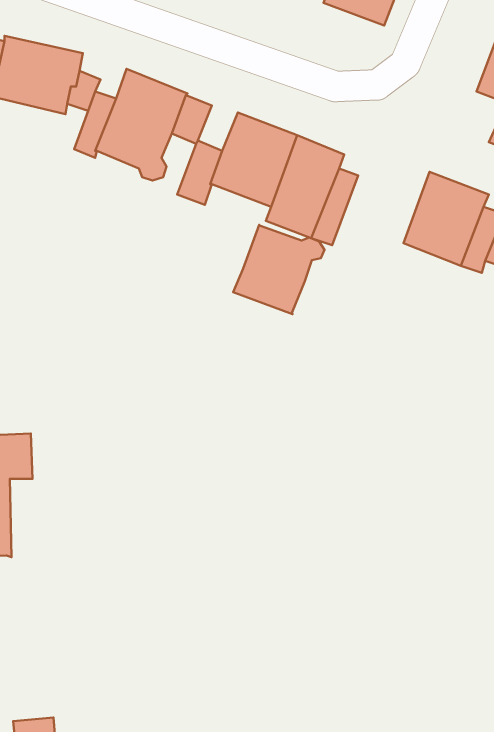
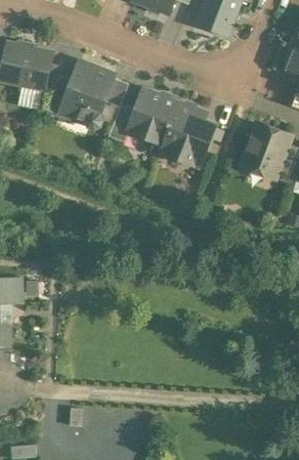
building: [233,225,325,314] -> none

